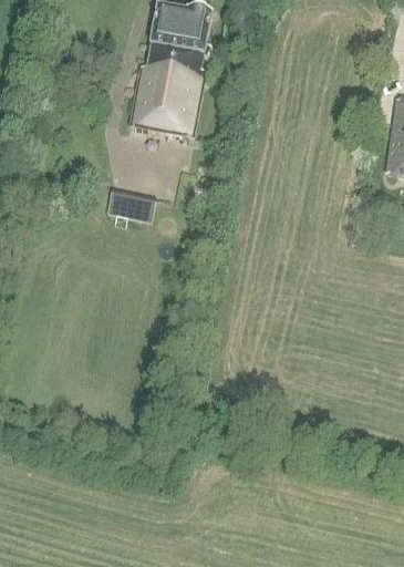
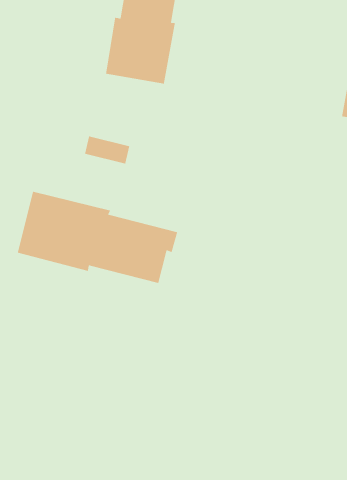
building: none -> [17,191,178,284]

